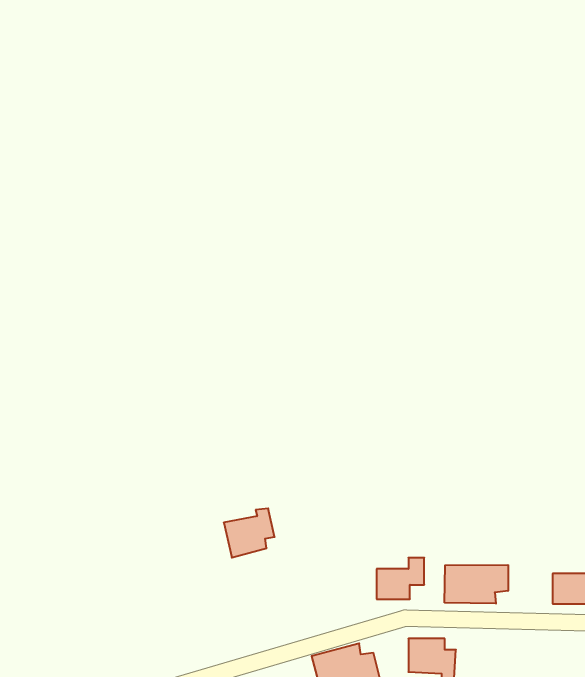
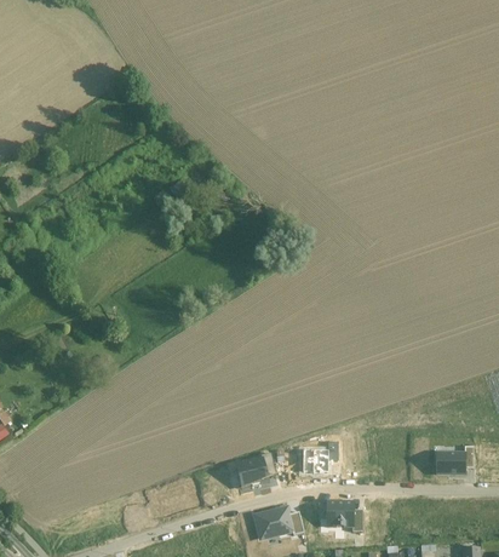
building: [224,508,275,558] -> [235,452,274,489]
building: [445,565,508,604] -> none

